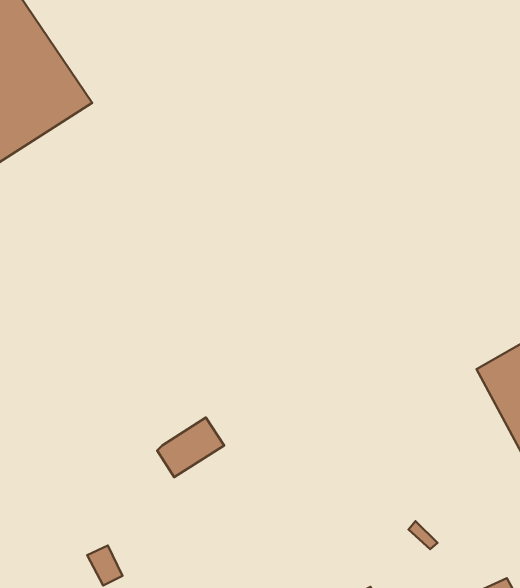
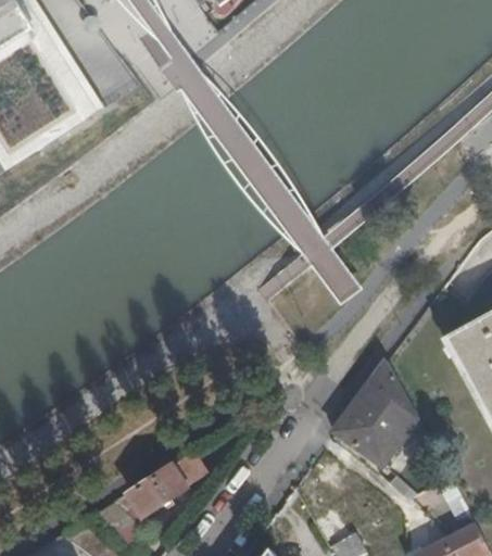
building: none -> [333,362,417,468]
building: [157,418,224,477] -> [126,460,186,514]

